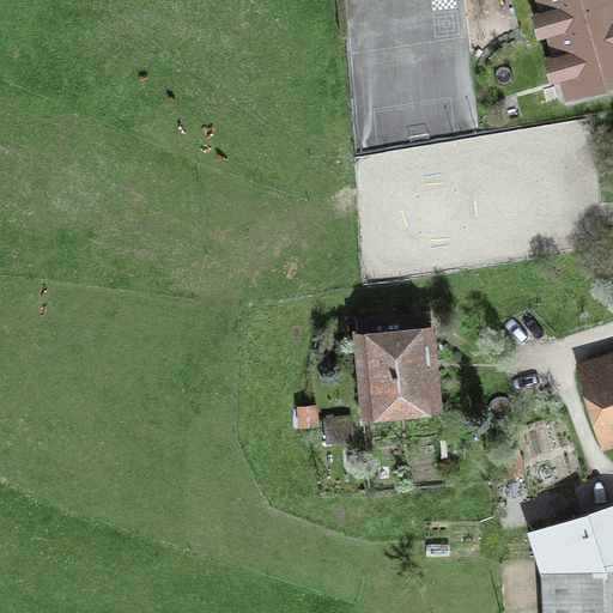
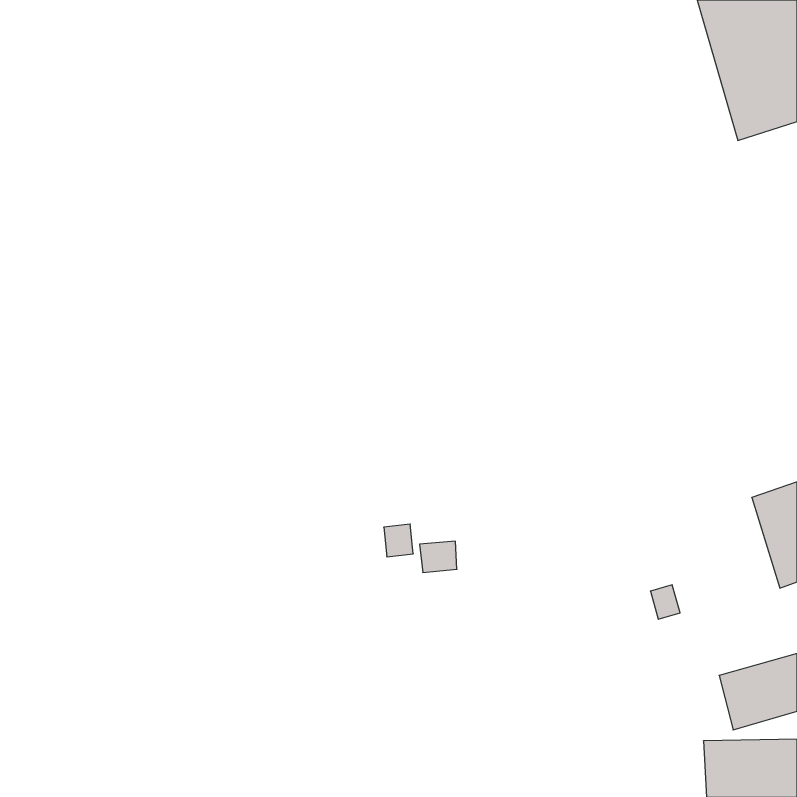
building: [364,316,439,411] -> none

